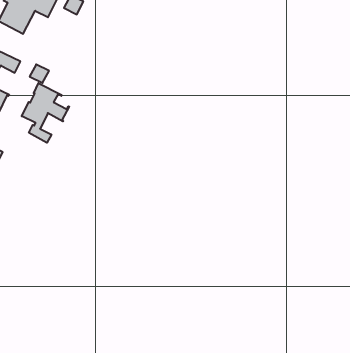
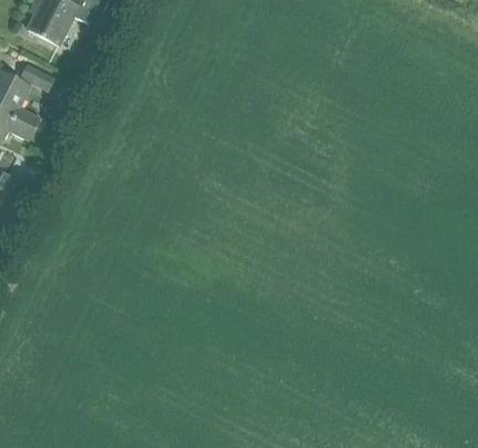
building: [22,83,69,143] -> none

